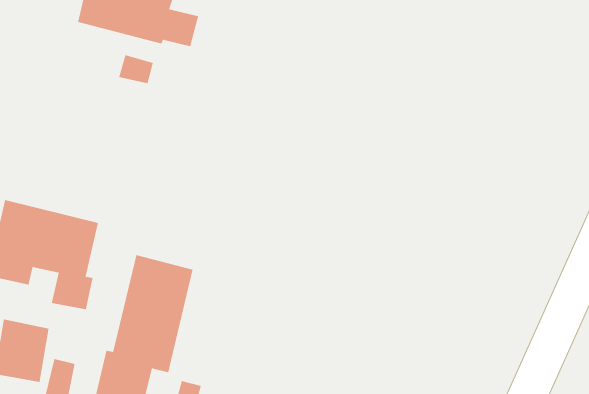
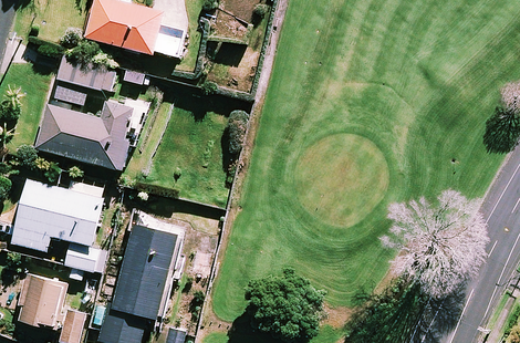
building: none -> [53,55,115,104]
building: none -> [34,102,135,172]

